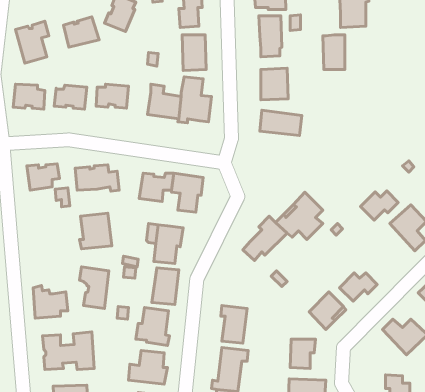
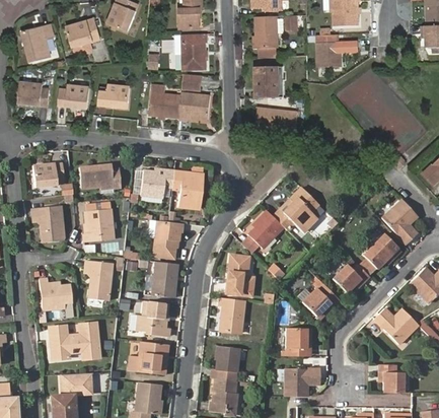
building: [361,191,398,220] -> [364,241,400,270]
building: none -> [30,203,63,240]
building: none -> [226,255,254,296]

